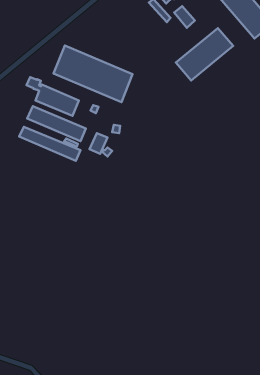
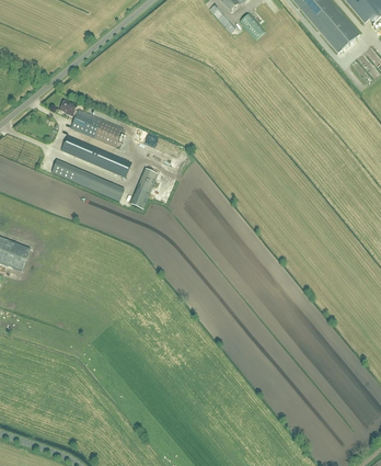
building: [176,28,233,80] -> none
building: [54,46,132,102] -> none

